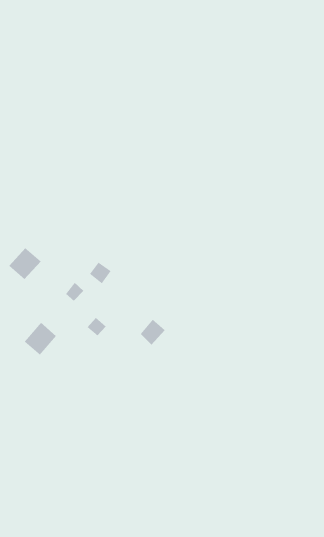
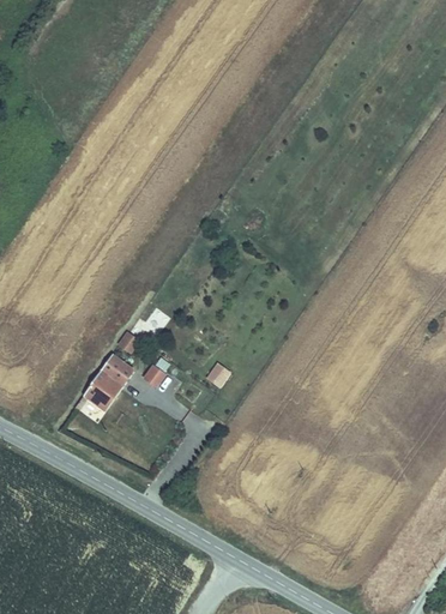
building: [8,247,41,280] -> [98,355,132,389]

